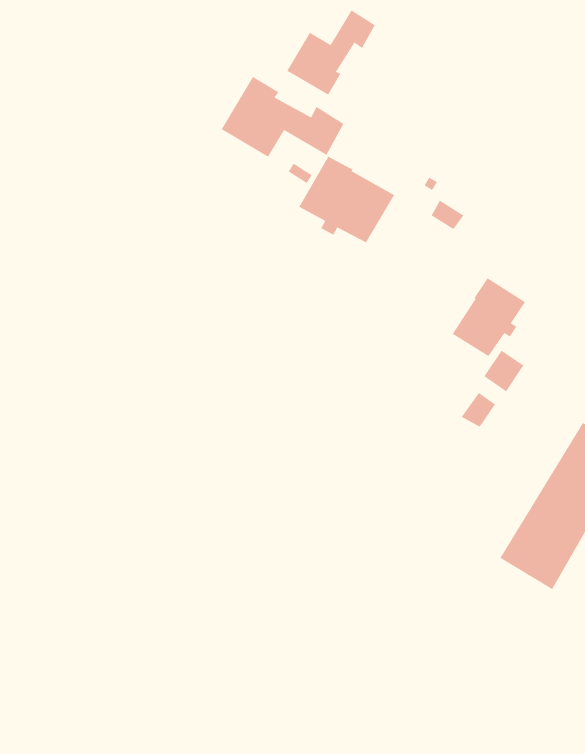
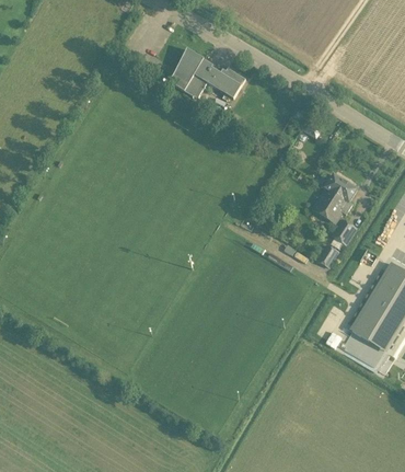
building: [286,10,375,96] -> none
building: [299,156,395,243] -> none

